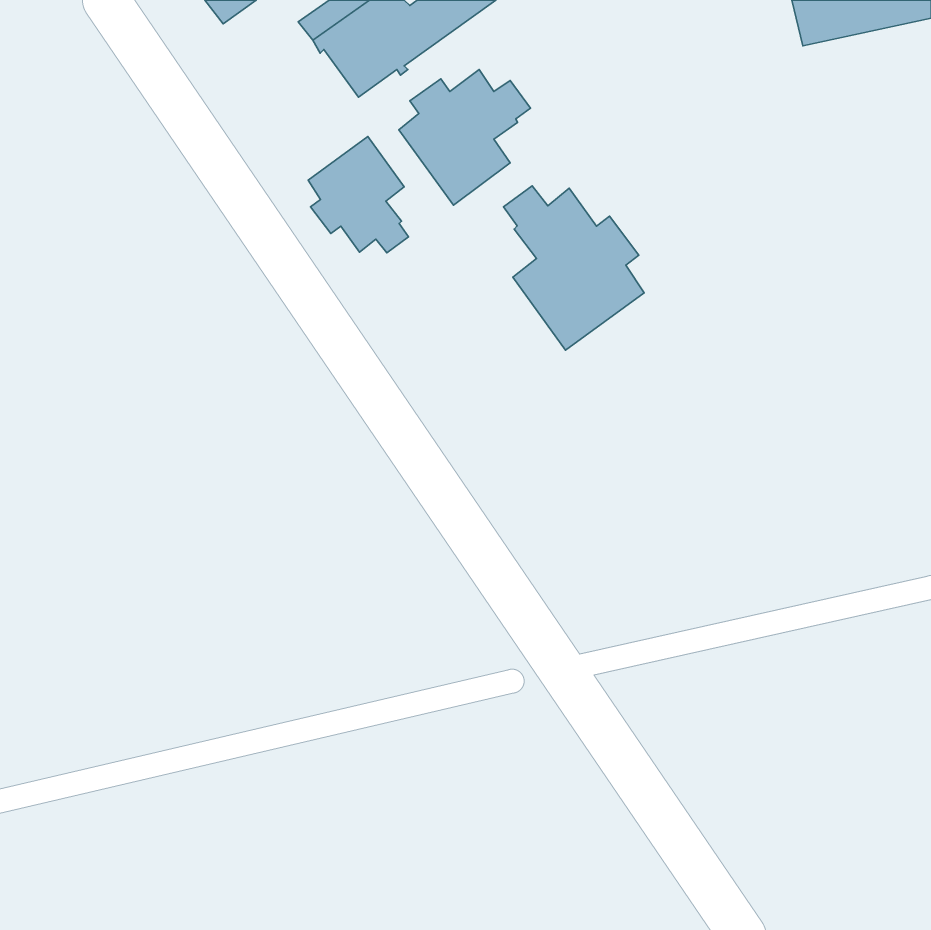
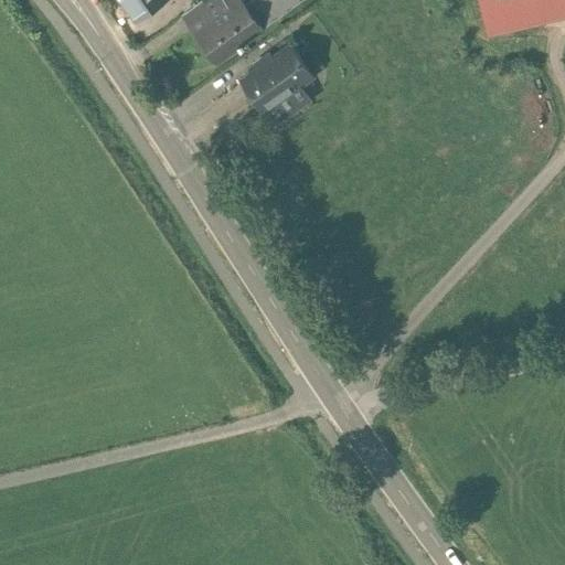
building: [308,137,409,253] -> none
building: [503,186,644,350] -> none

